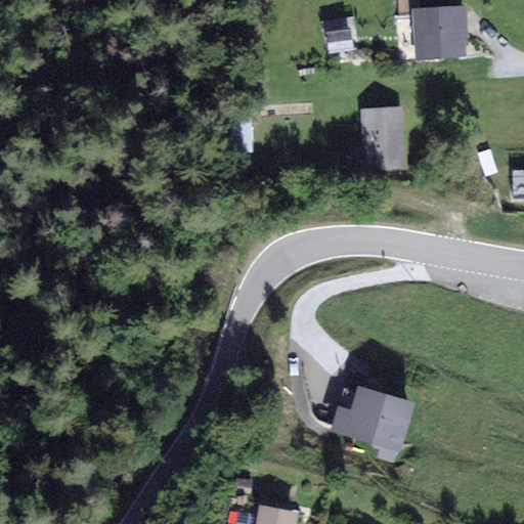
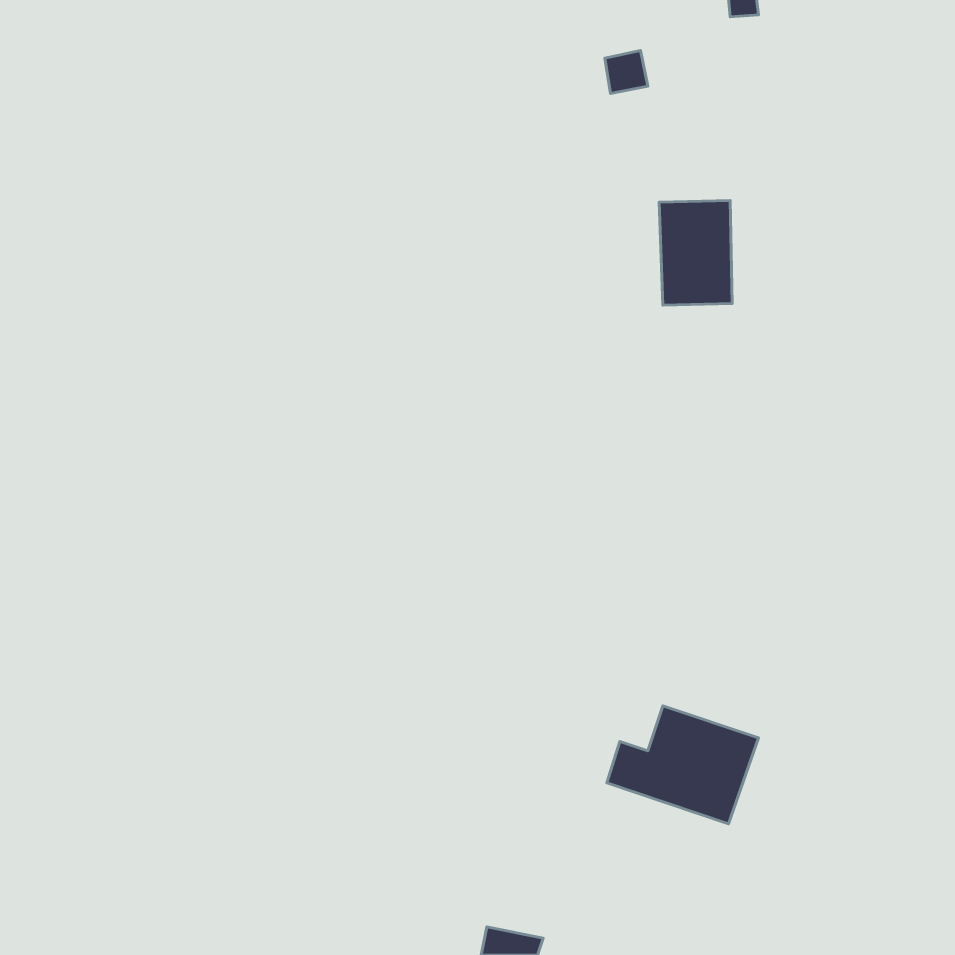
building: [416,8,465,54] -> none

